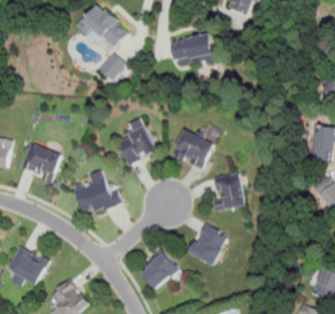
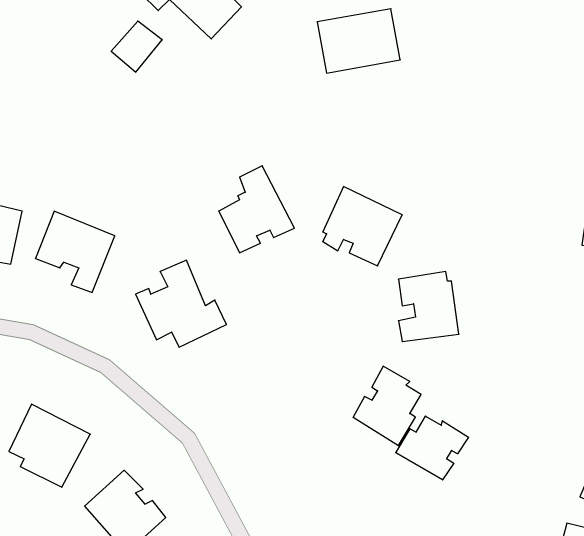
building: [98,51,125,78] -> [111,21,162,72]
building: [140,248,180,290] -> none
building: none -> [396,416,469,480]

